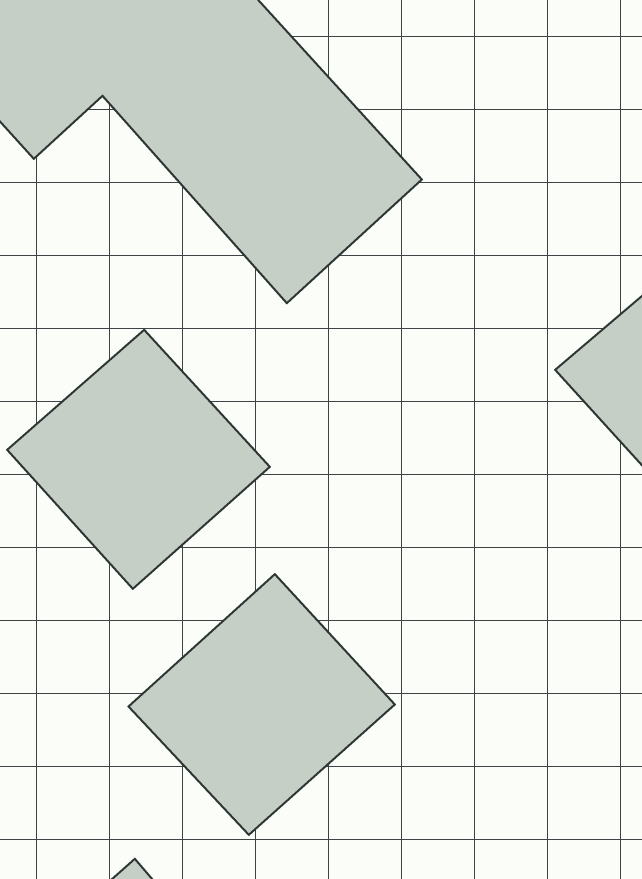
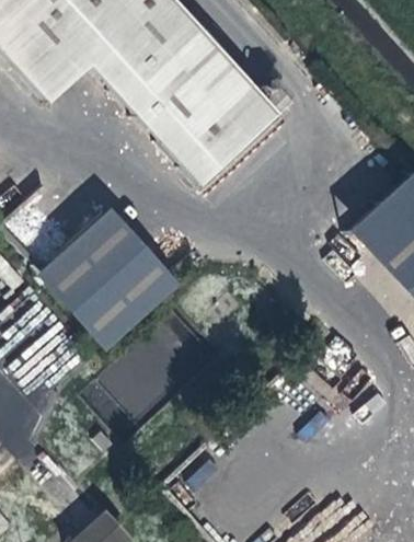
building: [129,574,395,835] -> none

